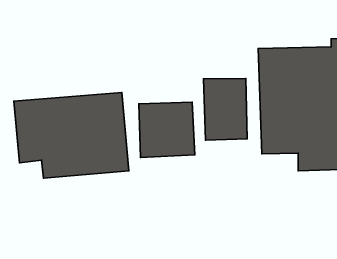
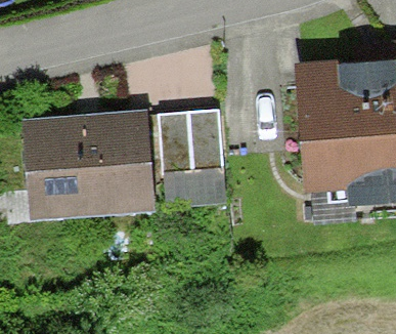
building: [203,78,247,140] -> none

